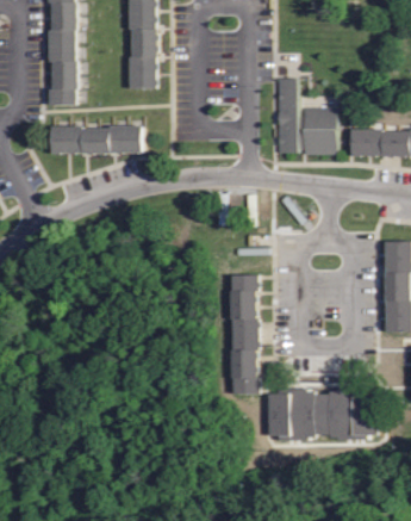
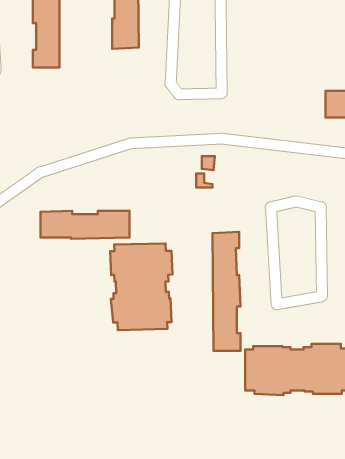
building: [275,77,335,155] -> none
building: [49,125,139,154] -> [41,211,129,239]
building: none -> [110,243,172,330]

